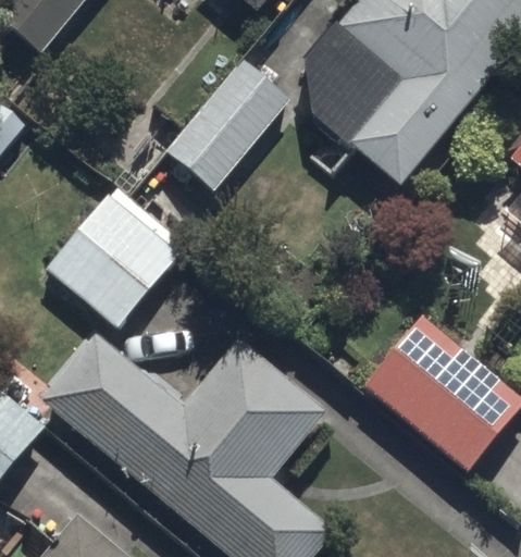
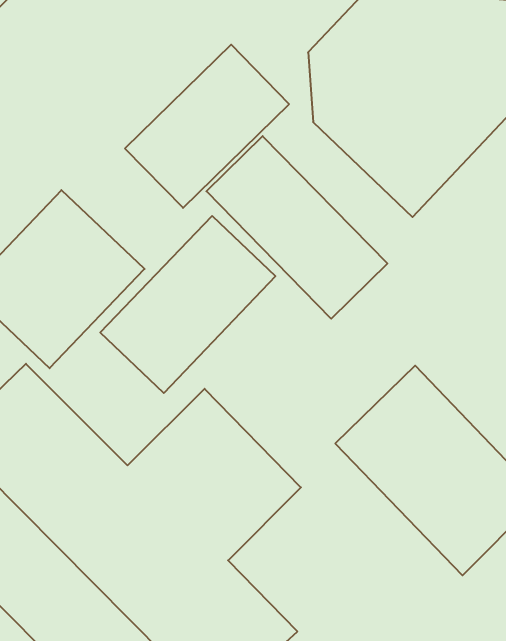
building: none -> [206,136,387,319]
building: none -> [100,216,275,393]

